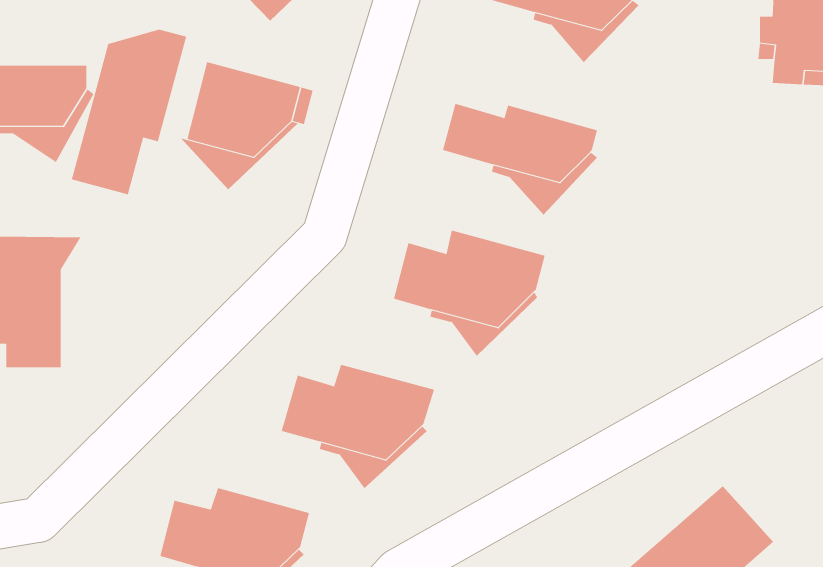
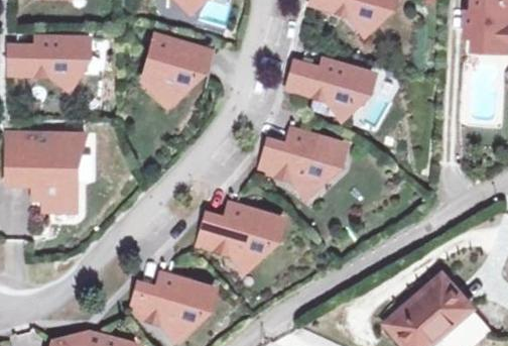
building: [71,29,187,195] -> none

